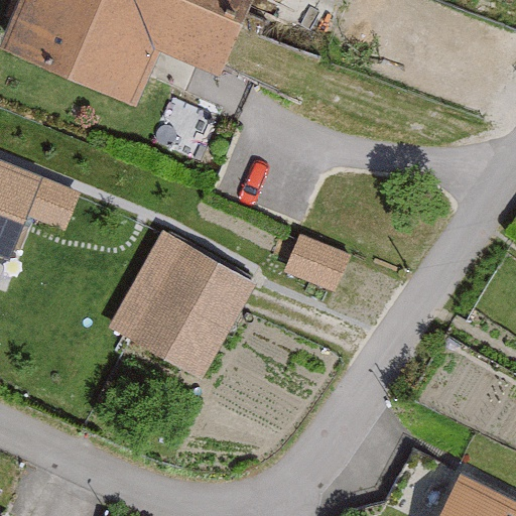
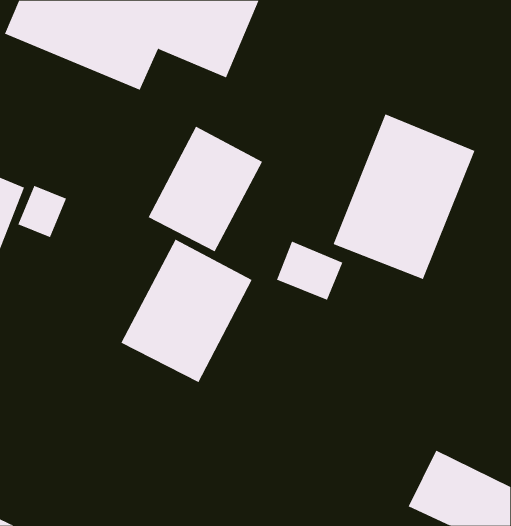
building: none -> [333,114,475,280]
building: none -> [148,126,263,252]

